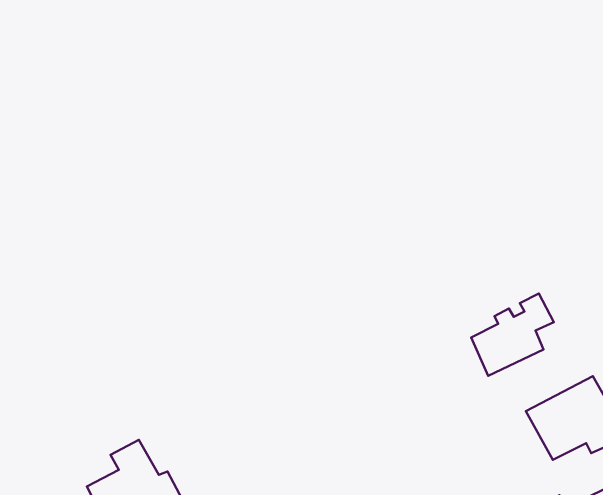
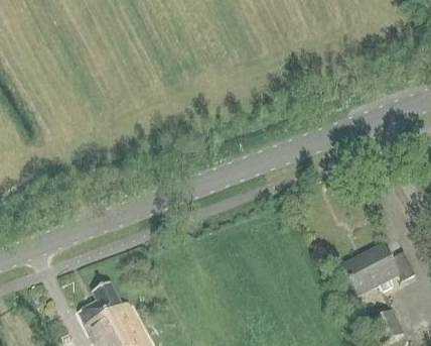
building: [471,293,554,376] -> none

